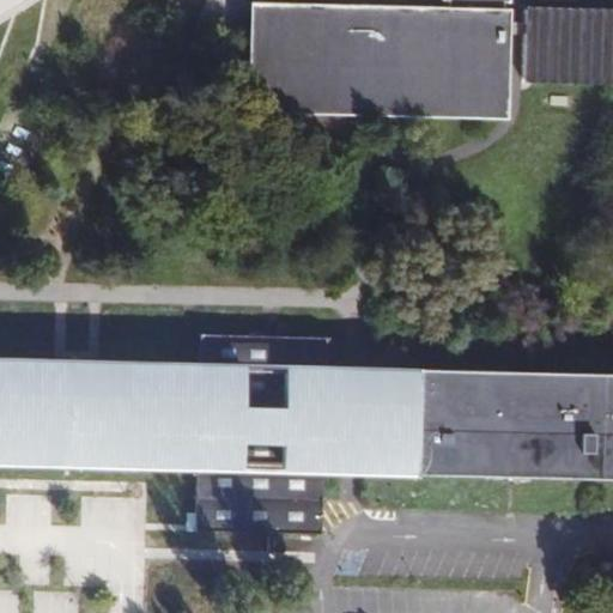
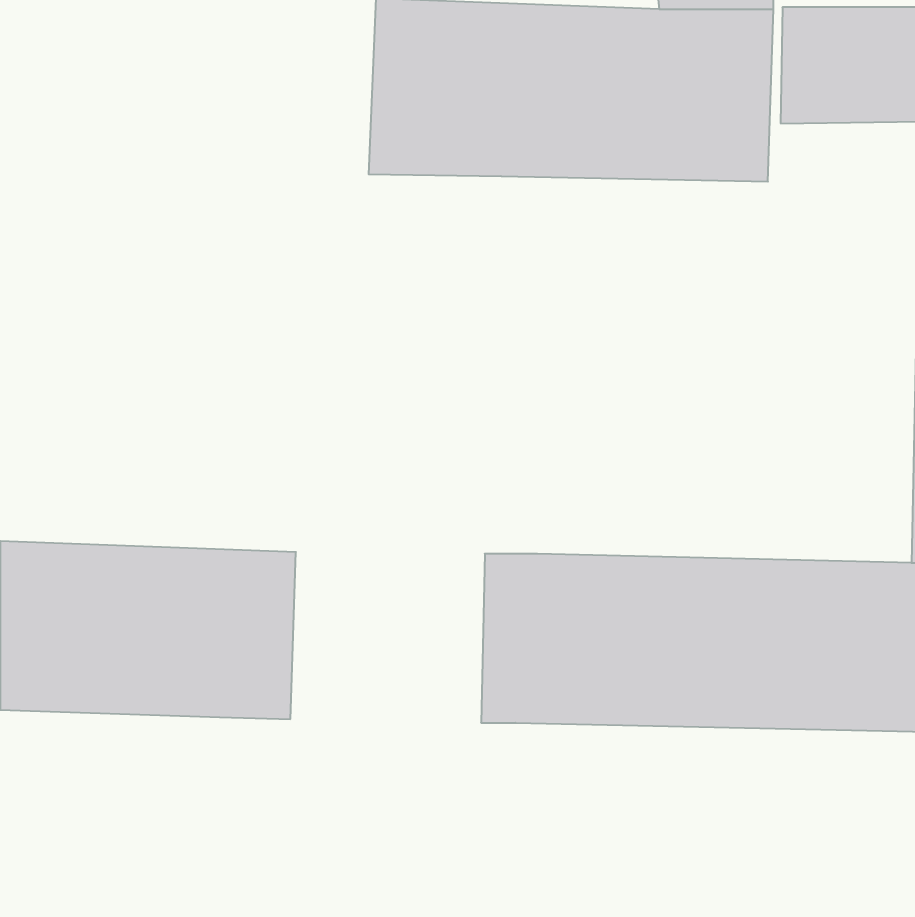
building: [199,329,330,529] -> none

